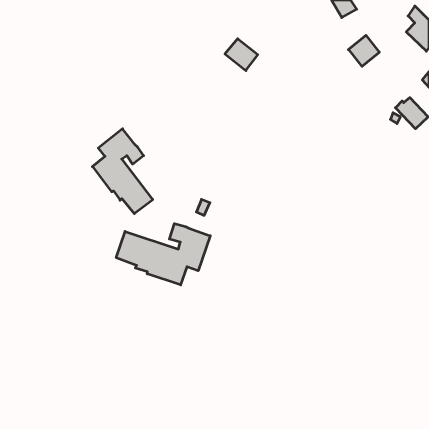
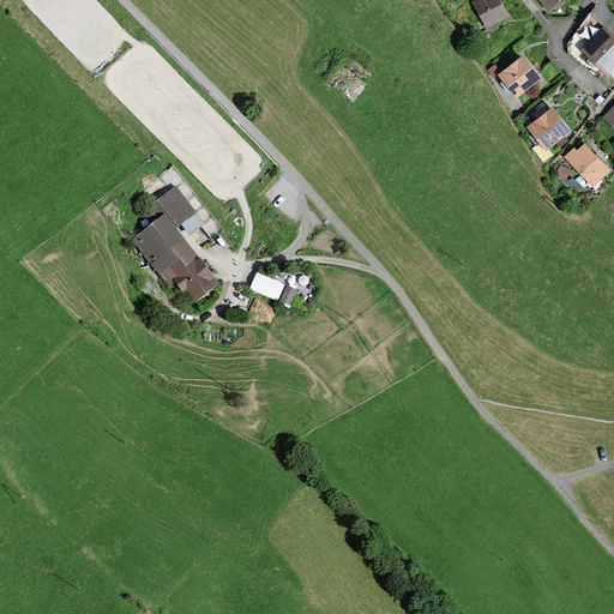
building: none -> [528,106,572,150]
building: none -> [251,273,285,301]
building: [116,224,210,285] -> none

